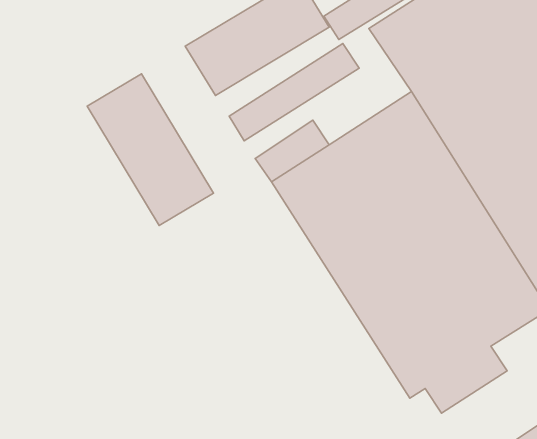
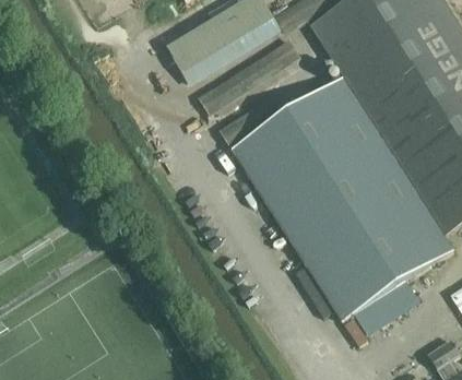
building: [87,74,213,226] -> none

